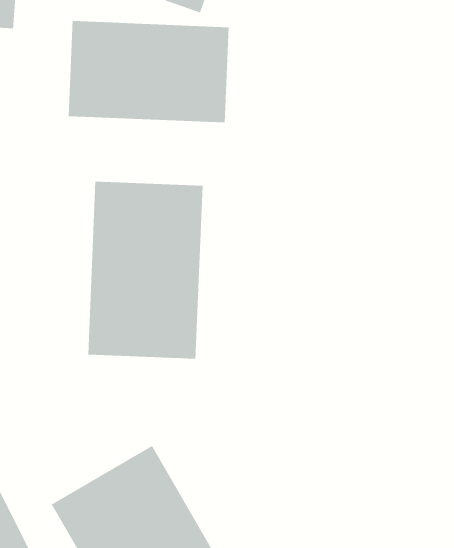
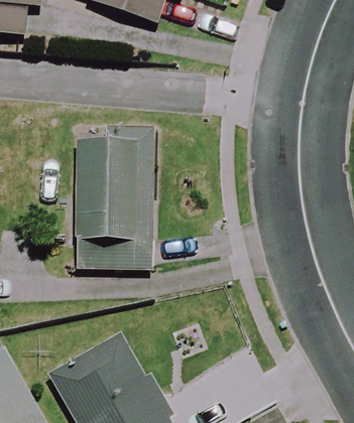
building: [68,20,229,123] -> none

